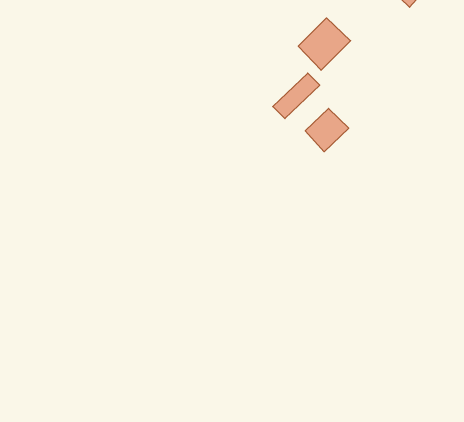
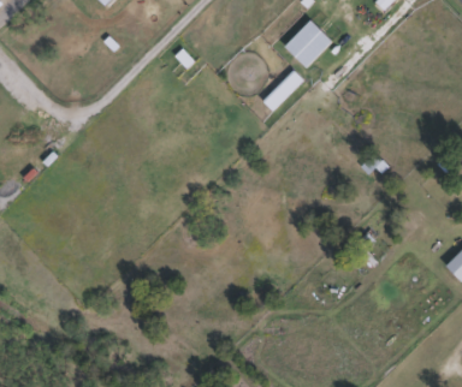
building: [305,108,349,152] -> none

